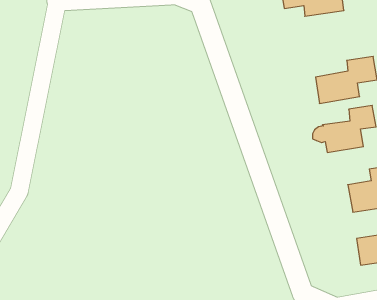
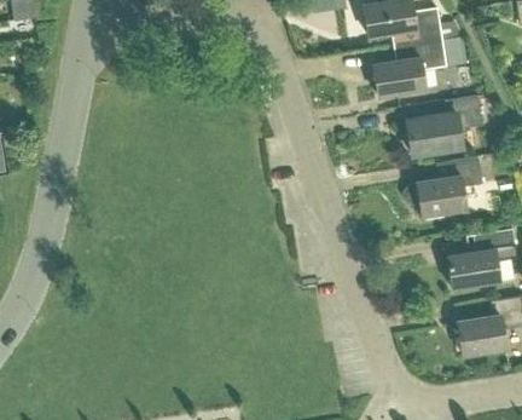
building: none -> [373,40,447,97]

